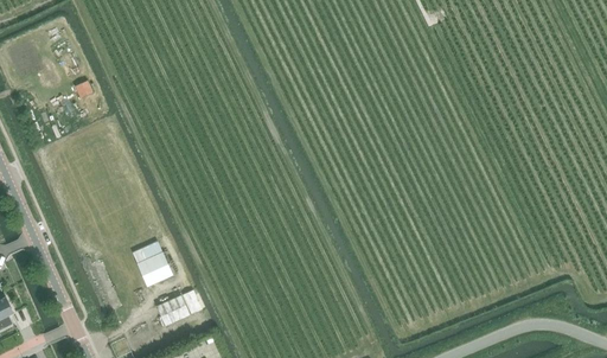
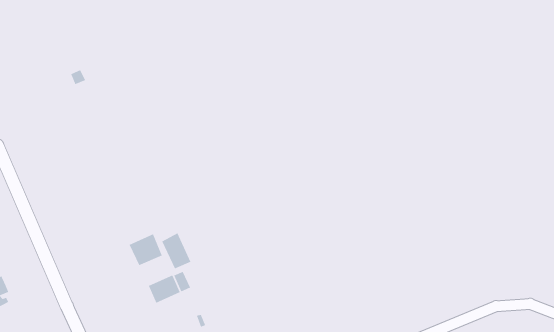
building: none -> [161,232,192,270]

